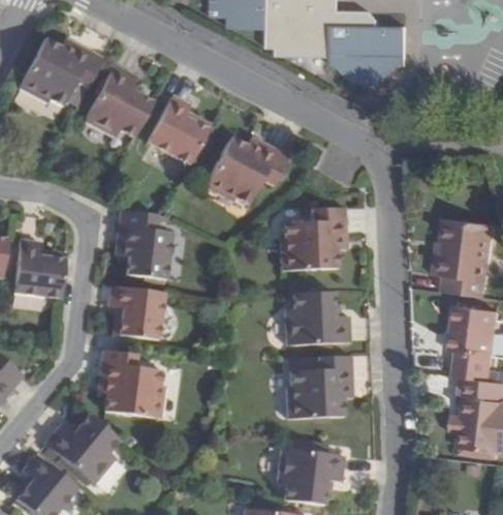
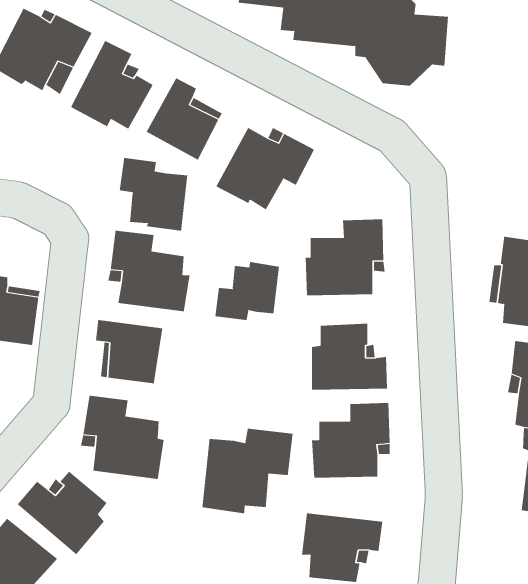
building: none -> [119,157,188,231]
building: none -> [215,261,280,321]
building: none -> [202,428,293,514]

